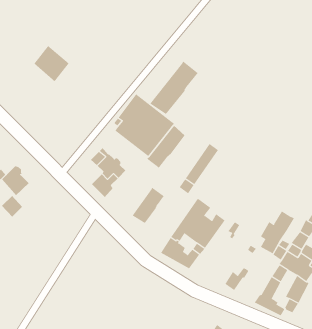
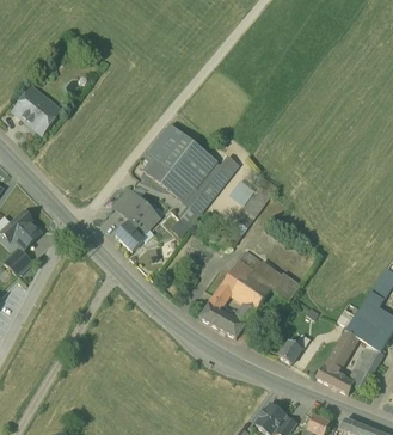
building: [33,45,69,82] -> [14,87,59,133]
building: [150,60,199,115] -> none
building: [132,187,165,224] -> none
building: [260,210,295,254] -> none

